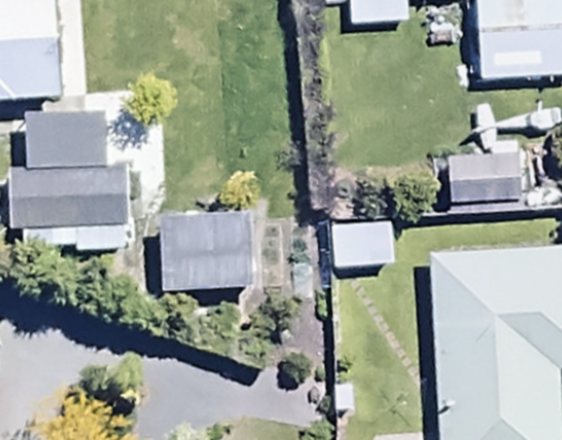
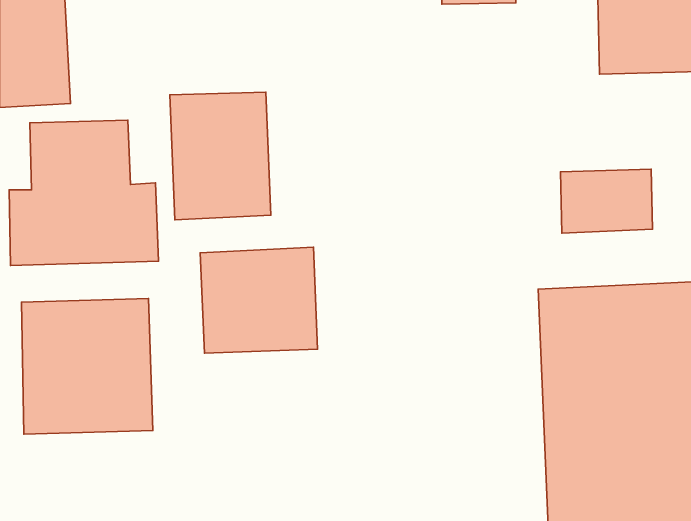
building: none -> [170,92,271,220]
building: none -> [21,299,153,434]

